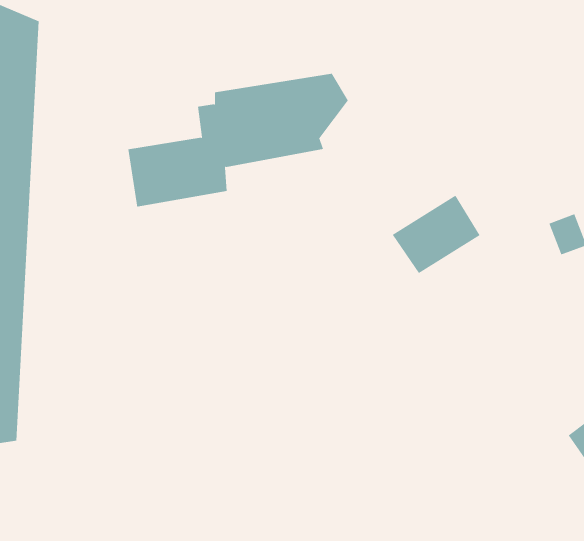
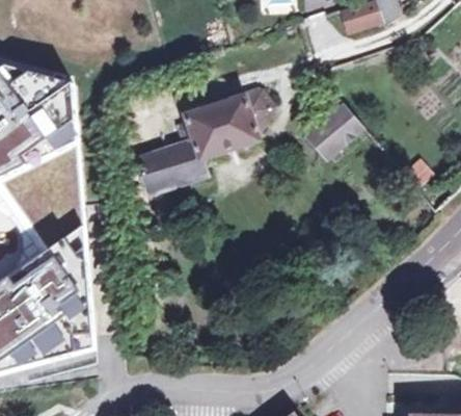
building: [392,195,481,274] -> [307,104,362,156]

